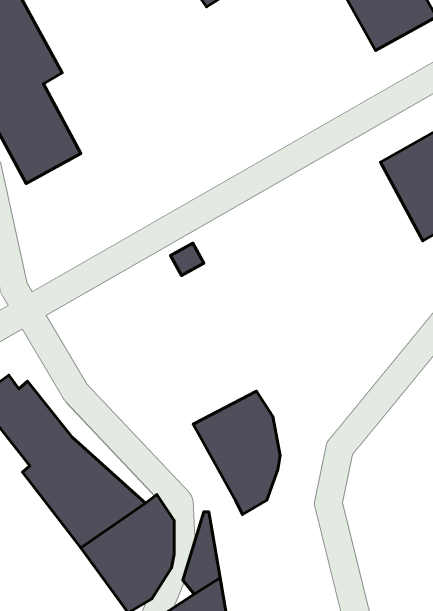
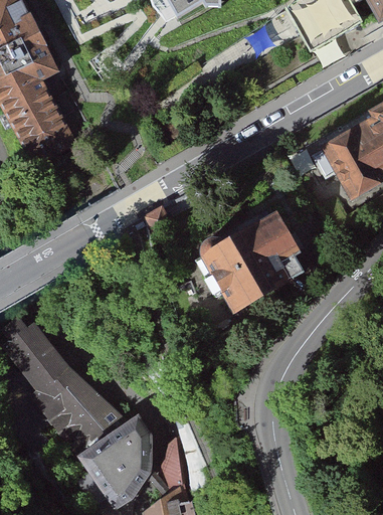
building: none -> [195,206,296,312]
building: [193,391,280,514] -> none

